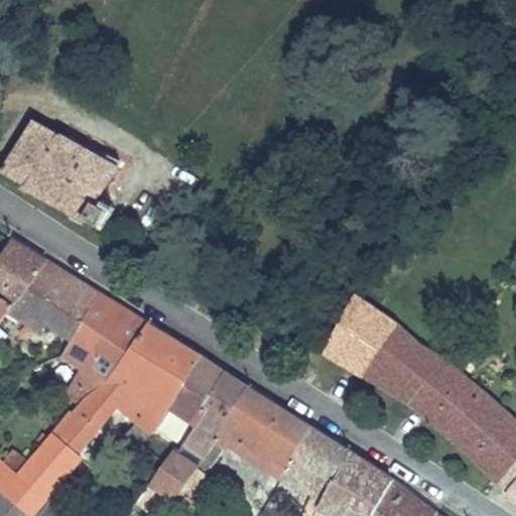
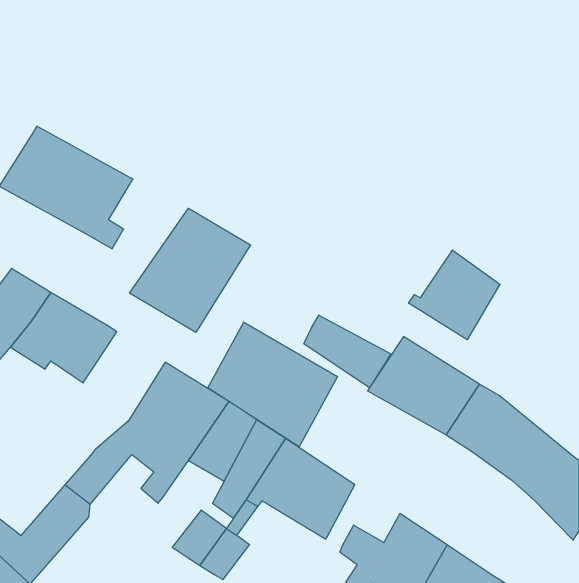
building: none -> [130,208,251,332]
building: none -> [409,250,500,340]
building: none -> [304,315,391,388]
building: none -> [208,322,337,447]
building: [62,296,144,404] -> none
building: [285,429,349,483] -> none

